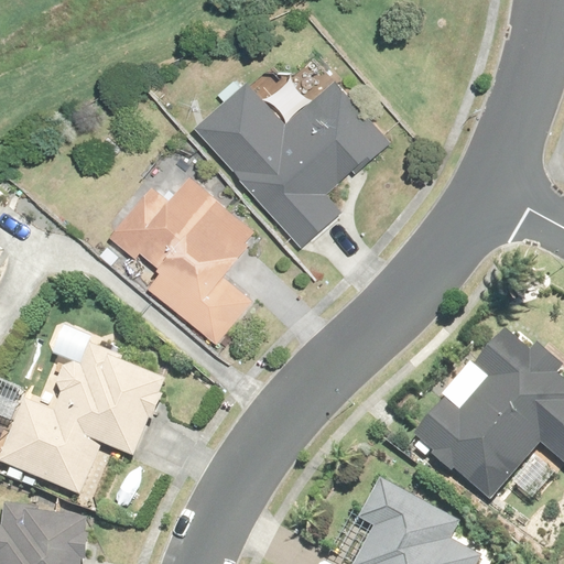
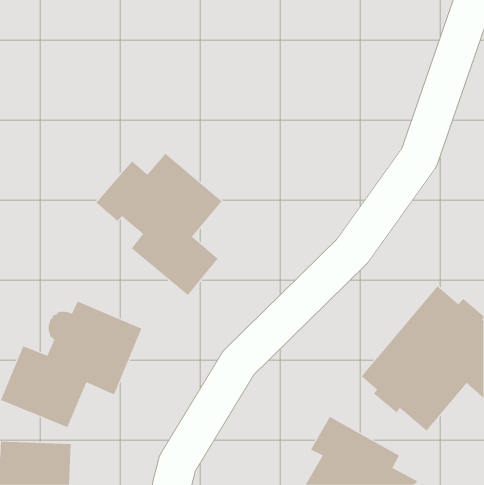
building: [196,78,395,247] -> none

